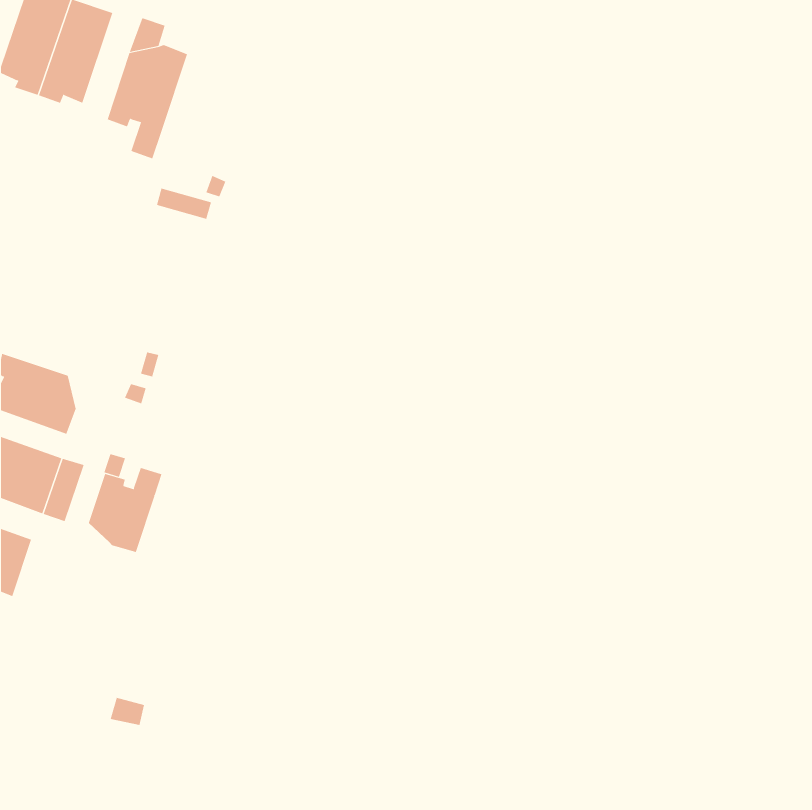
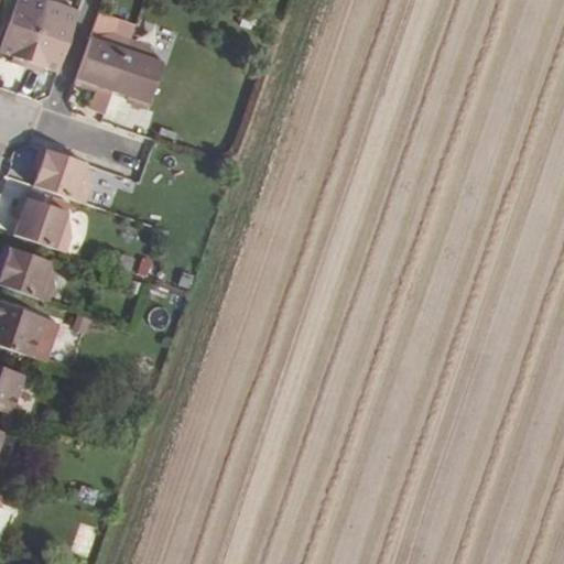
building: none -> [113,37,163,108]
building: none -> [32,147,90,203]
building: none -> [12,195,70,251]
building: [88,467,162,553] -> none

